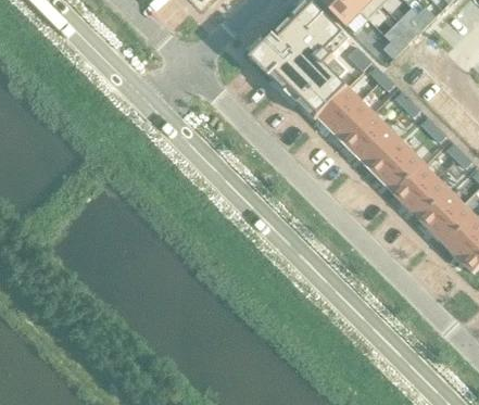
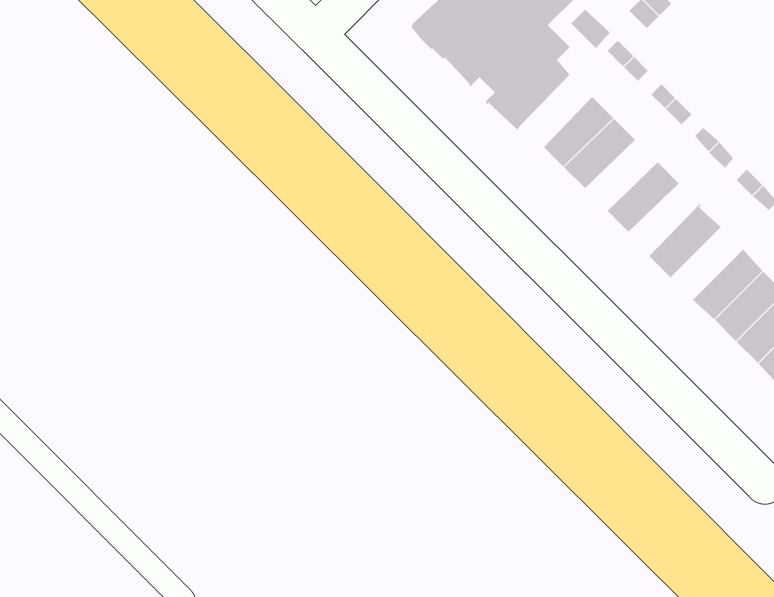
building: [317,85,360,128] -> none
building: [355,124,399,166] -> none
building: [381,150,424,193] -> none
building: [406,176,450,219] -> none

